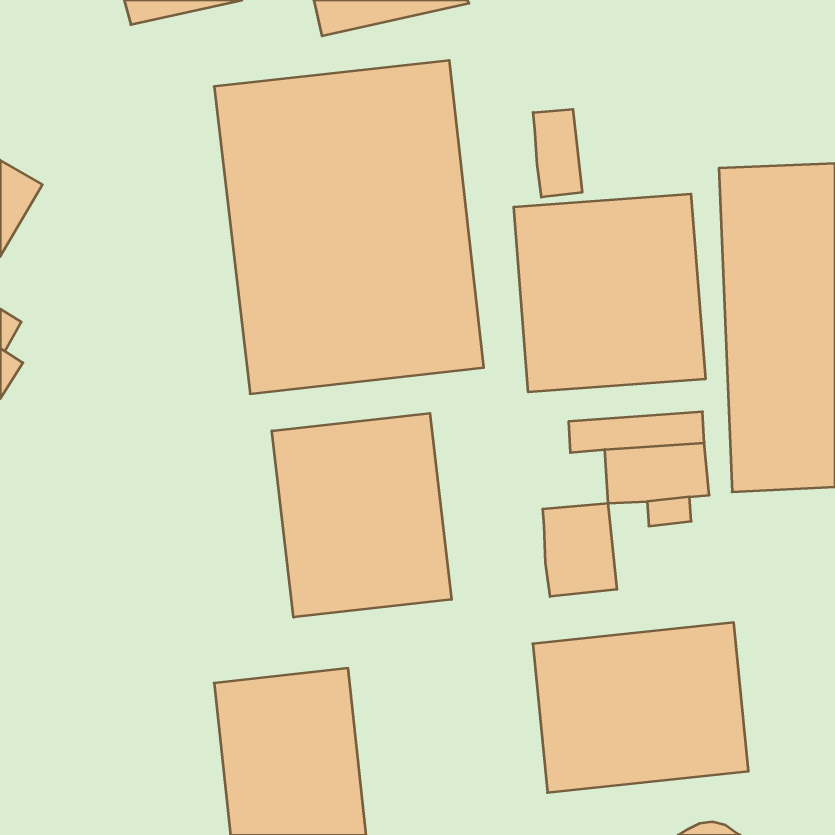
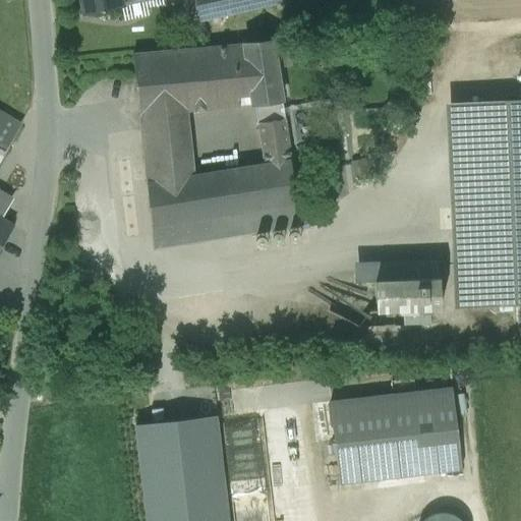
building: [533,109,582,197] -> none
building: [514,194,705,392] -> none
building: [272,413,451,617] -> none
building: [543,503,617,597] -> none

